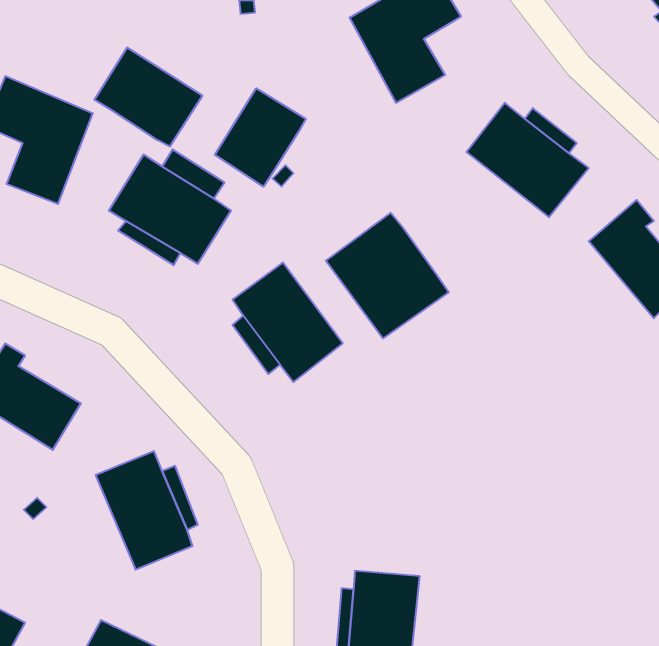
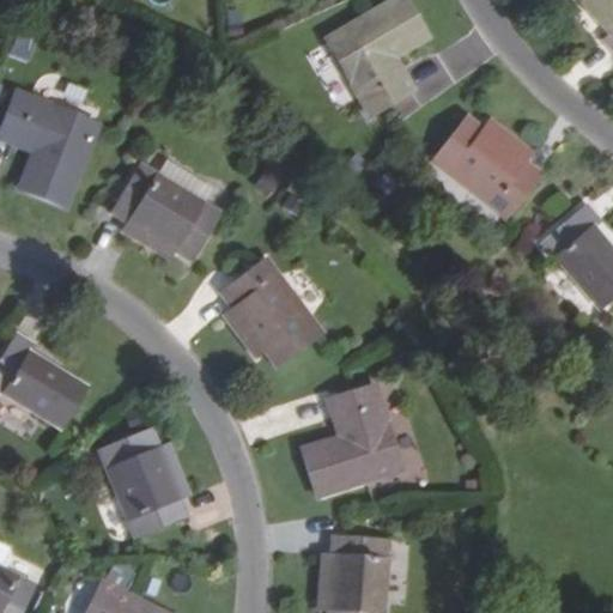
building: [94,47,202,147] -> none
building: [215,88,306,187] -> none
building: [326,213,449,338] -> none
building: none -> [302,386,399,497]

